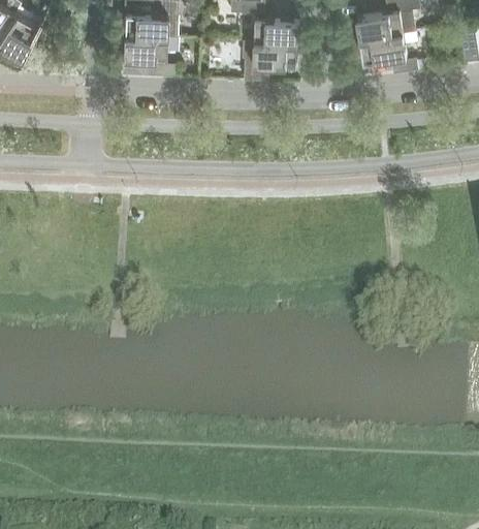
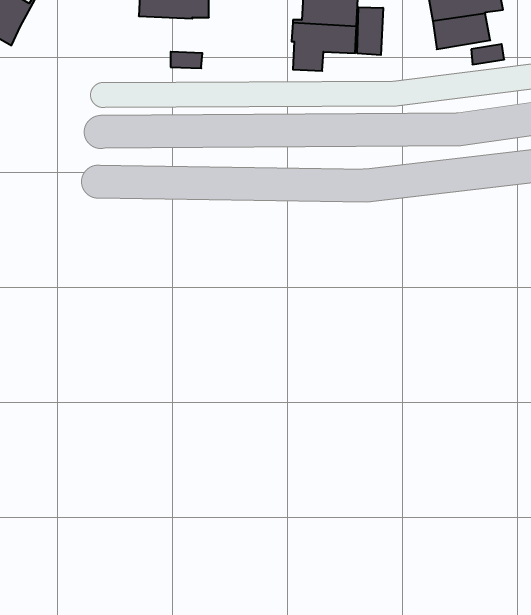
building: none -> [357,7,383,55]
building: [121,34,165,59] -> none

